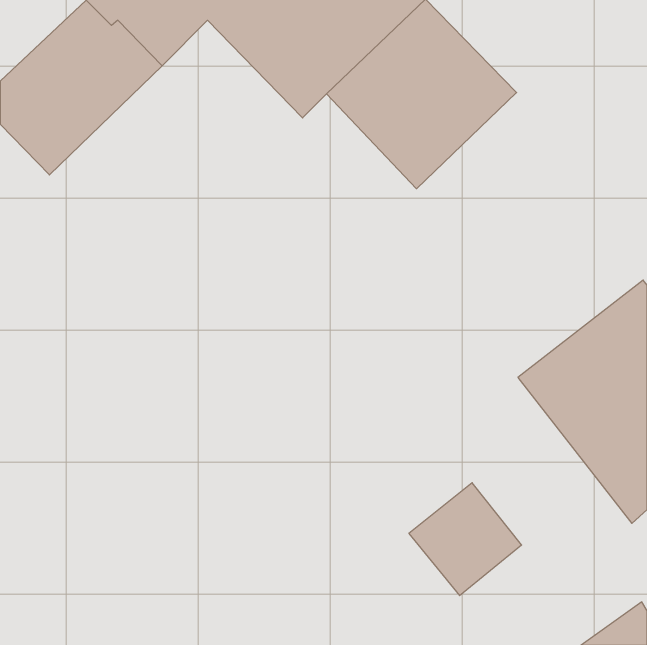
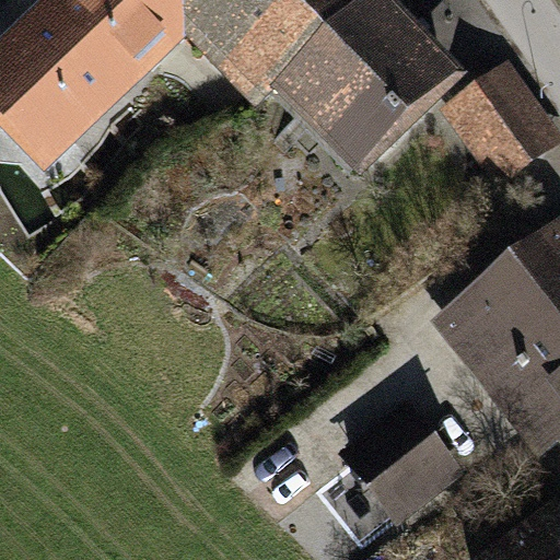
building: none -> [456,75,550,175]

